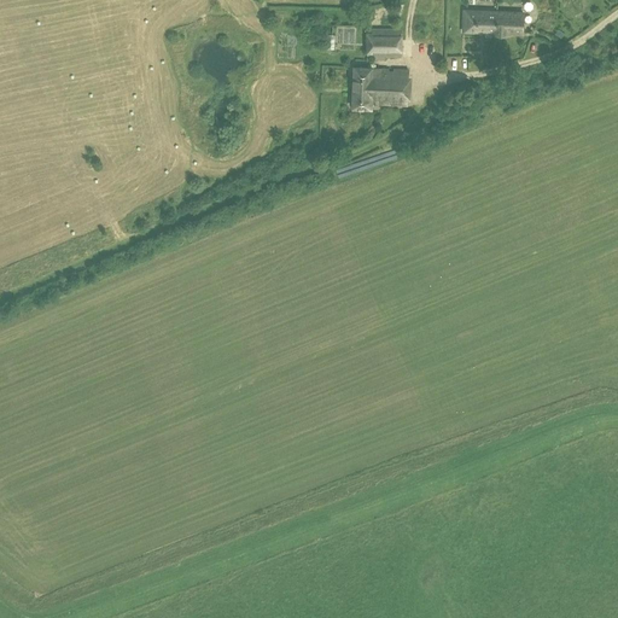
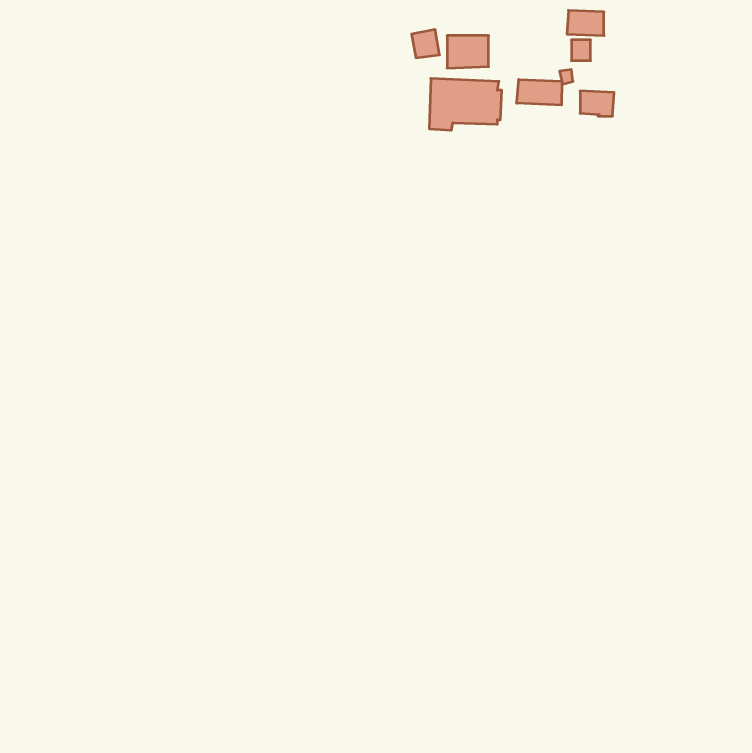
building: [492,10,520,30] -> [580,91,614,116]
building: none -> [517,79,562,105]

